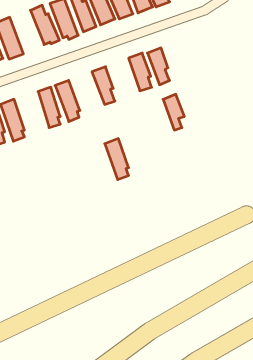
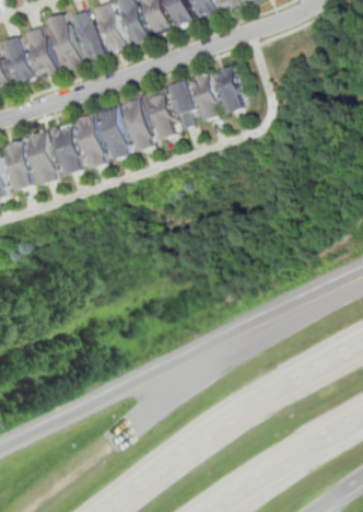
building: none -> [40,12,77,71]
building: none -> [47,124,79,174]
building: [163,94,184,130] -> [166,80,194,126]
building: [105,139,129,180] -> [119,97,150,150]

